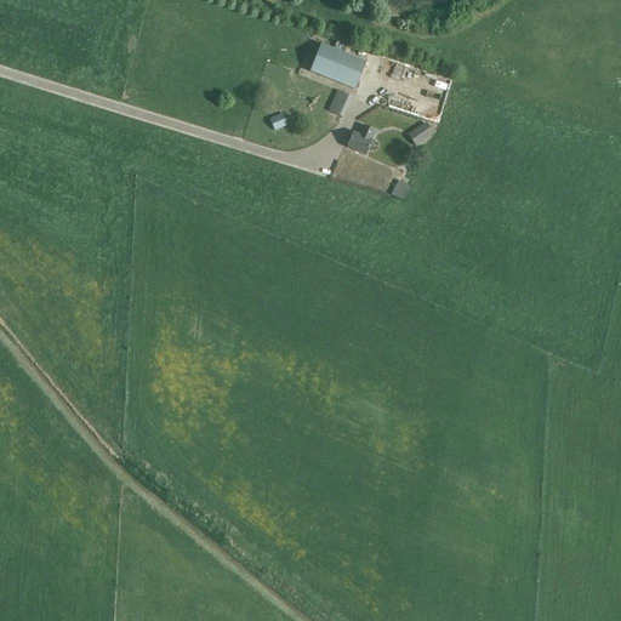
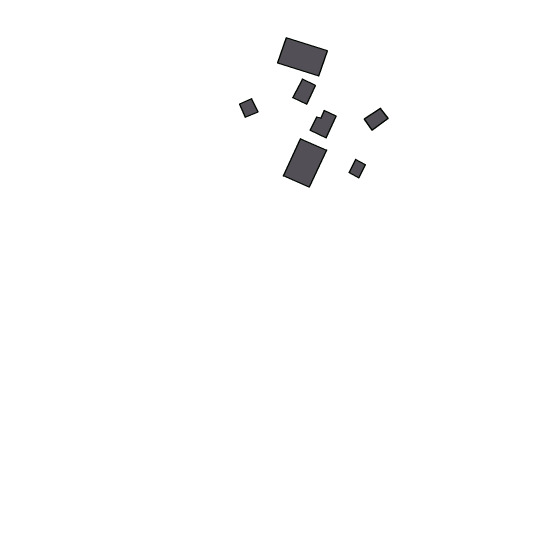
building: none -> [283,139,327,187]

